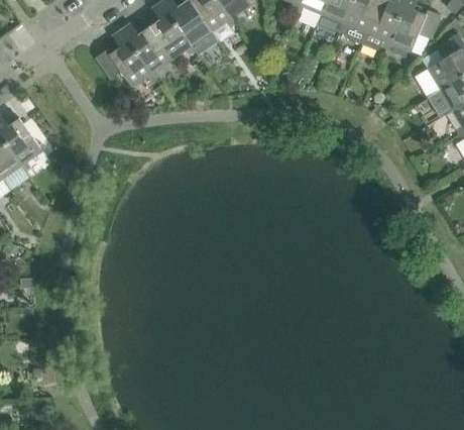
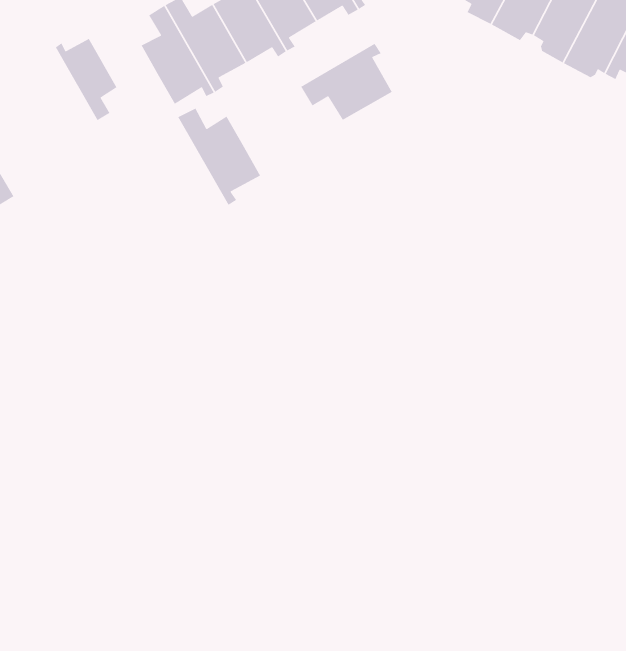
building: none -> [300,43,393,121]
building: none -> [55,38,117,121]
building: none -> [177,107,261,206]

